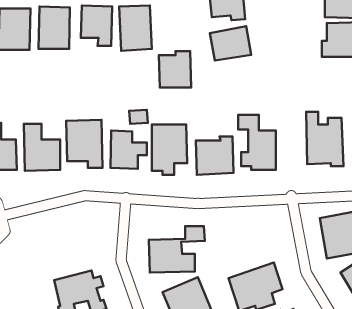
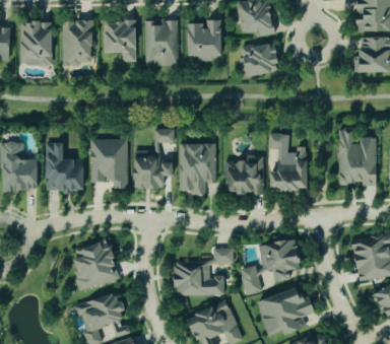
building: [159,51,191,88] -> [189,21,222,59]
building: none -> [238,237,303,295]
building: none -> [72,242,120,290]

